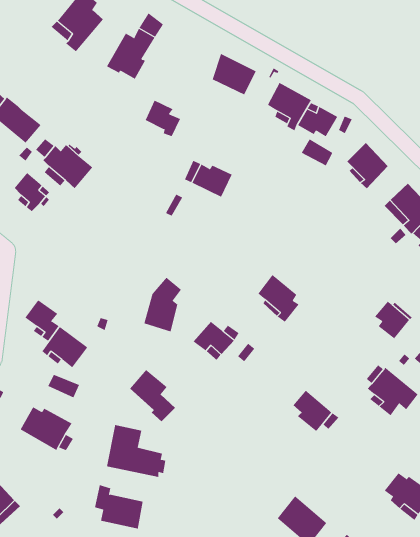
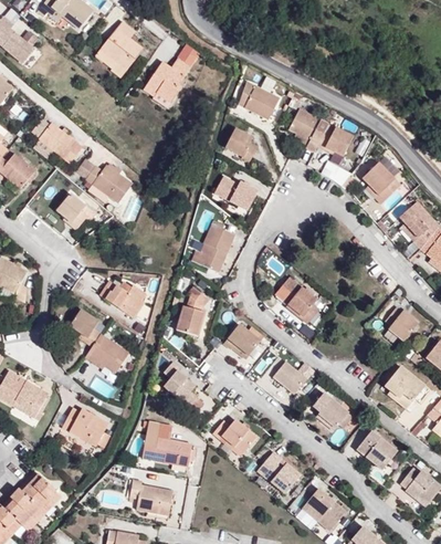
building: [145,100,181,137] -> [227,129,260,164]
building: none -> [190,228,237,278]
building: none -> [97,278,144,317]
building: none -> [273,358,308,393]
building: none -> [208,417,254,457]
building: none -> [358,429,399,470]
building: none -> [255,449,298,493]

